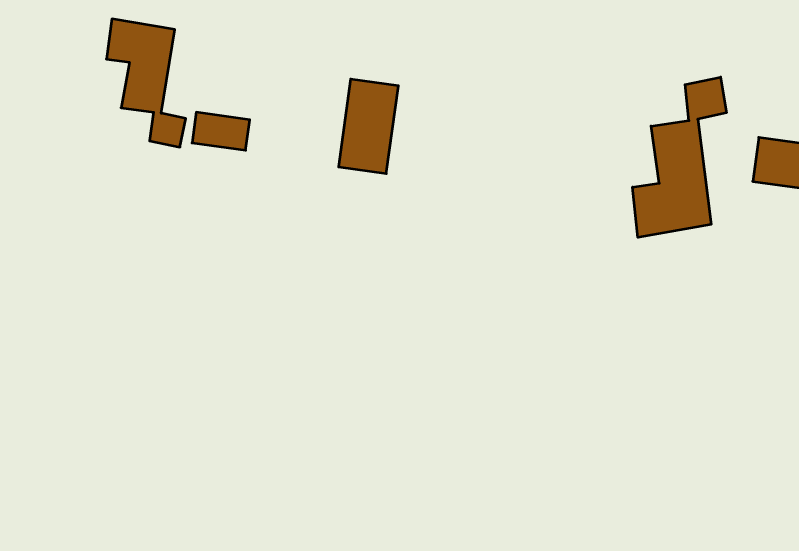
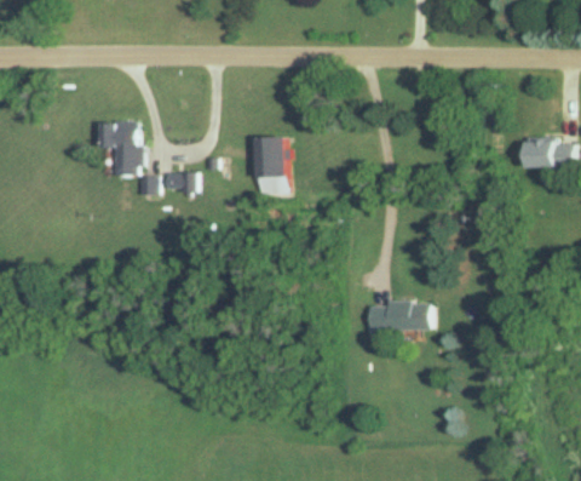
building: [633,77,726,237] -> none
building: none -> [368,302,432,330]

